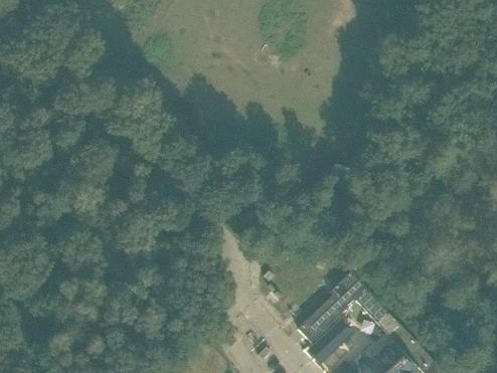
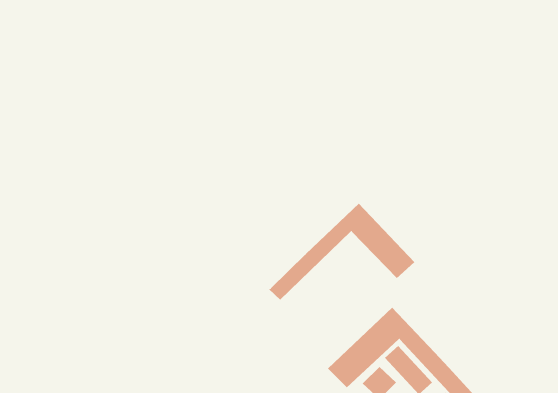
building: none -> [268,203,415,300]

